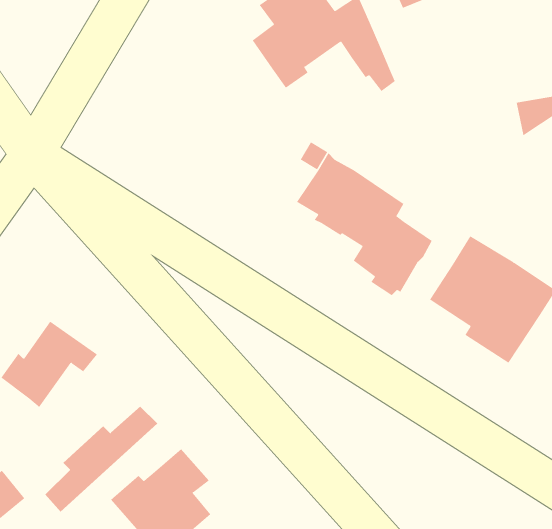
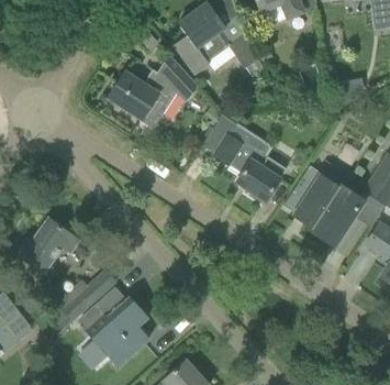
building: none -> [108,57,197,128]

